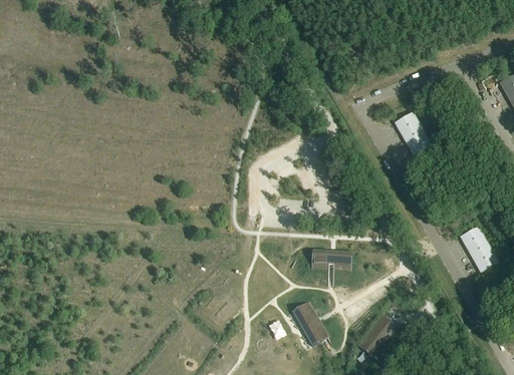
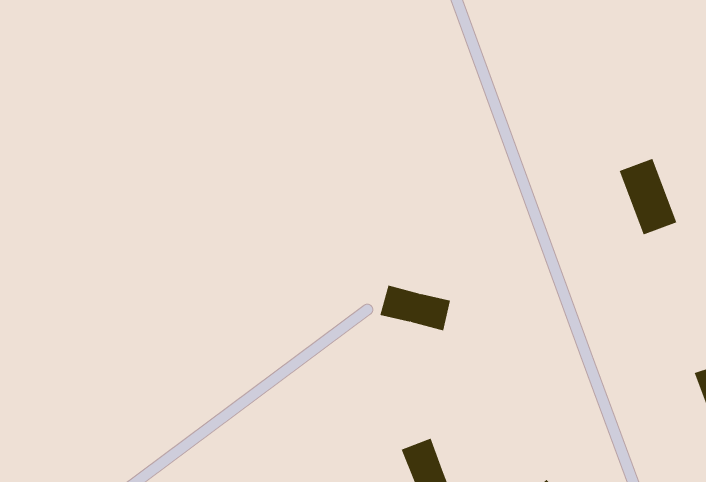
building: [311,249,352,271] -> [380,285,451,331]

